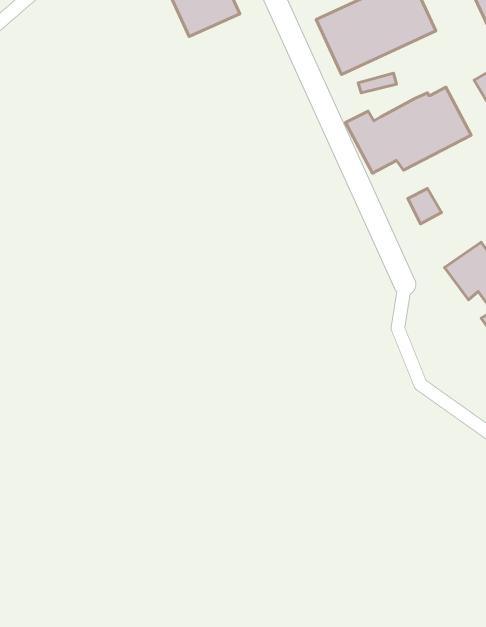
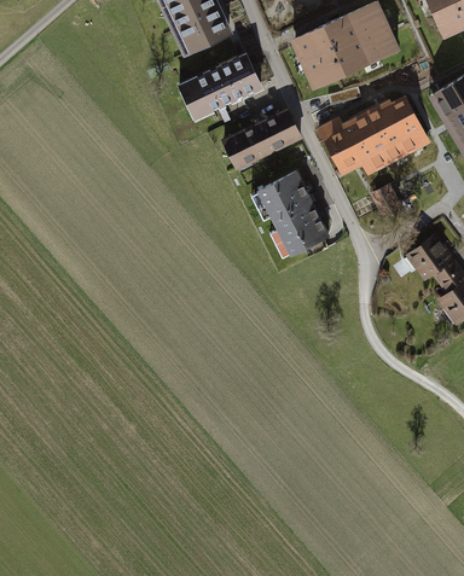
building: none -> [181,54,260,115]
building: none -> [225,107,300,164]
building: none -> [260,169,327,250]

